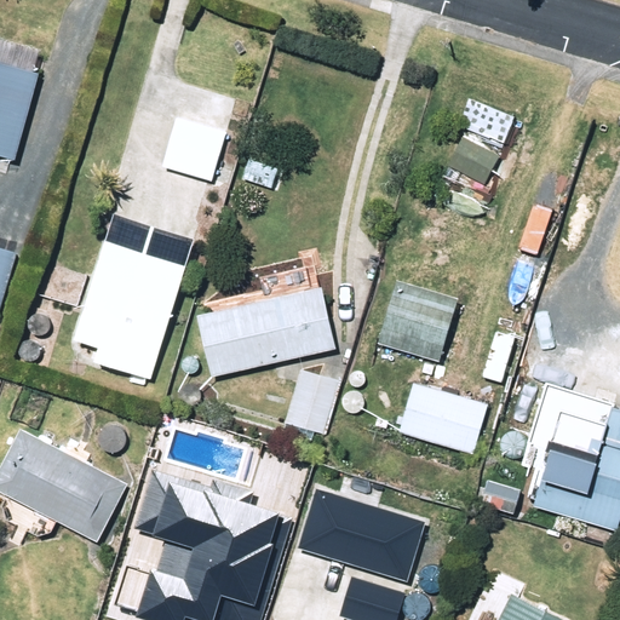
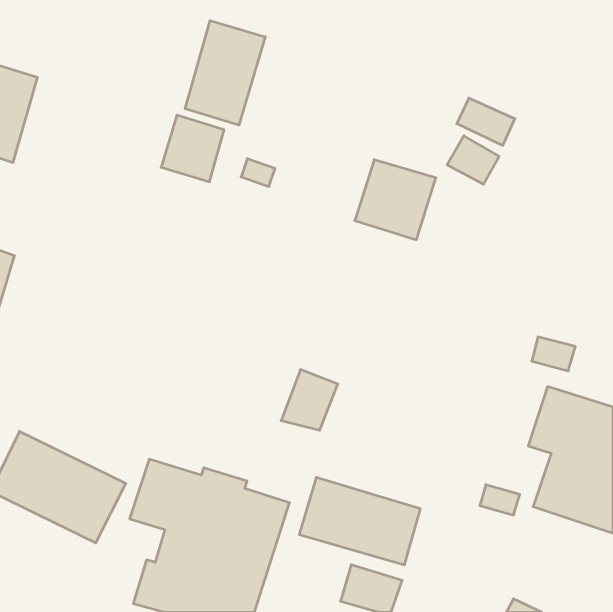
building: none -> [185,21,265,125]
building: [76,220,196,385] -> none
building: [197,274,335,377] -> none
building: [378,285,459,364] -> [355,160,436,240]
building: [398,383,486,453] -> none

